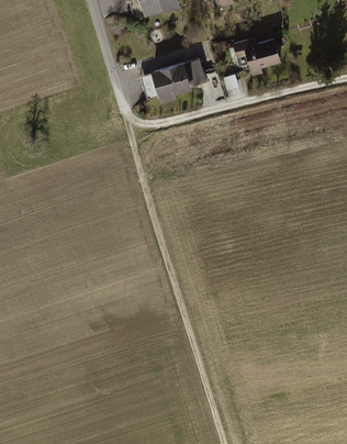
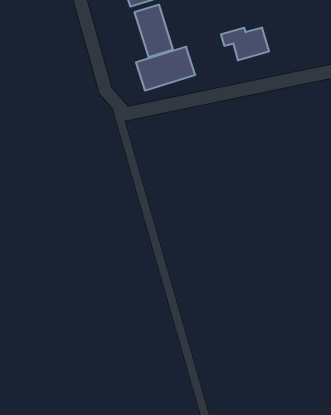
building: none -> [135,5,173,57]

